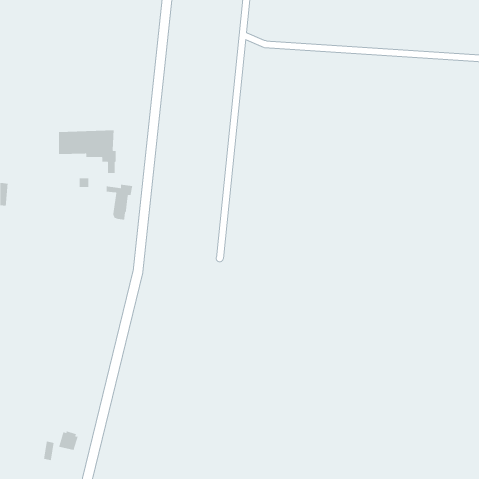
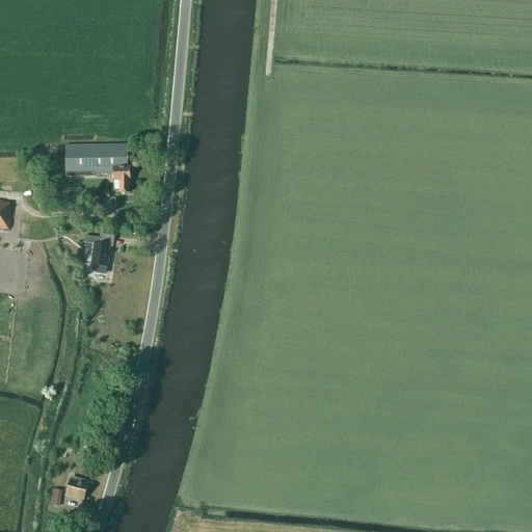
building: [106,184,133,220] -> [83,233,113,273]

